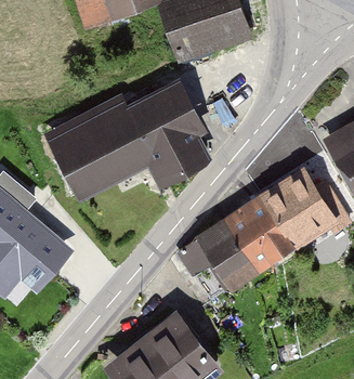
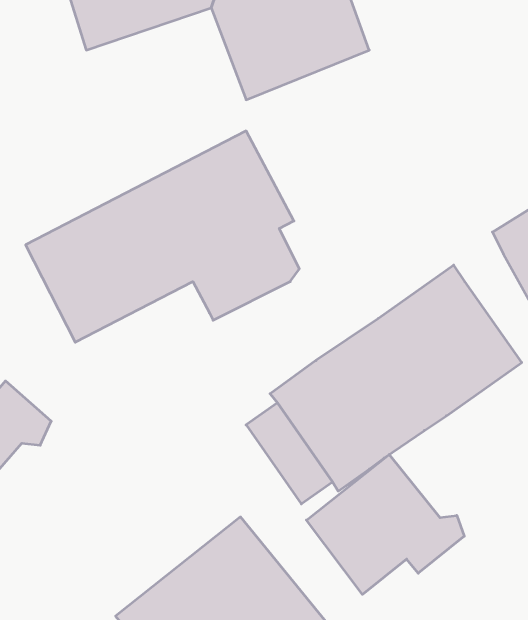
building: none -> [306,454,464,594]

